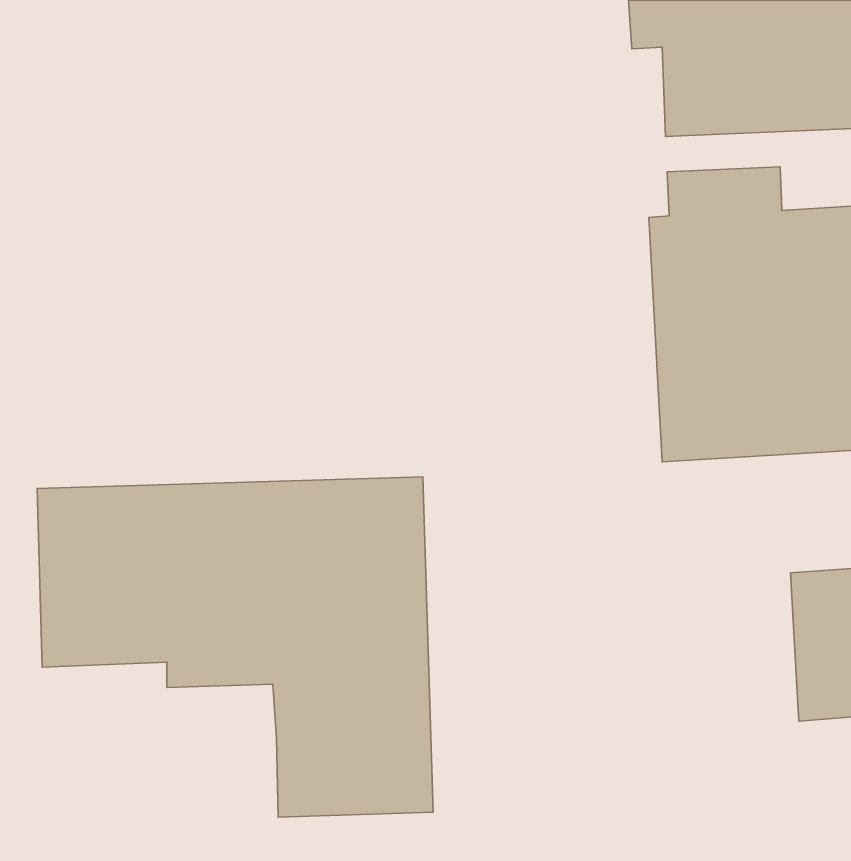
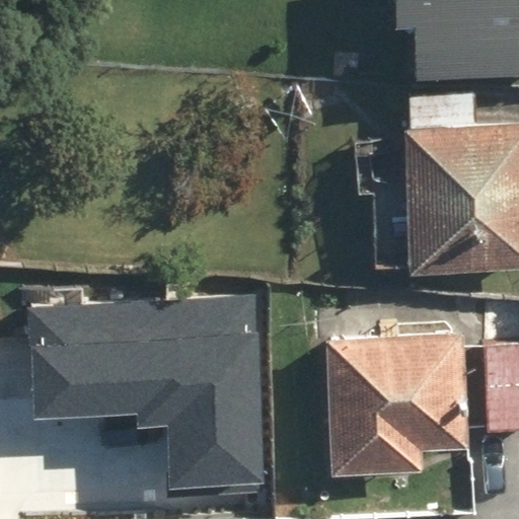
building: none -> [317,332,466,479]

